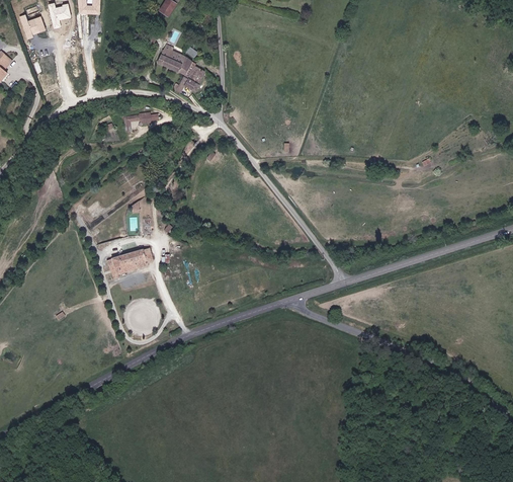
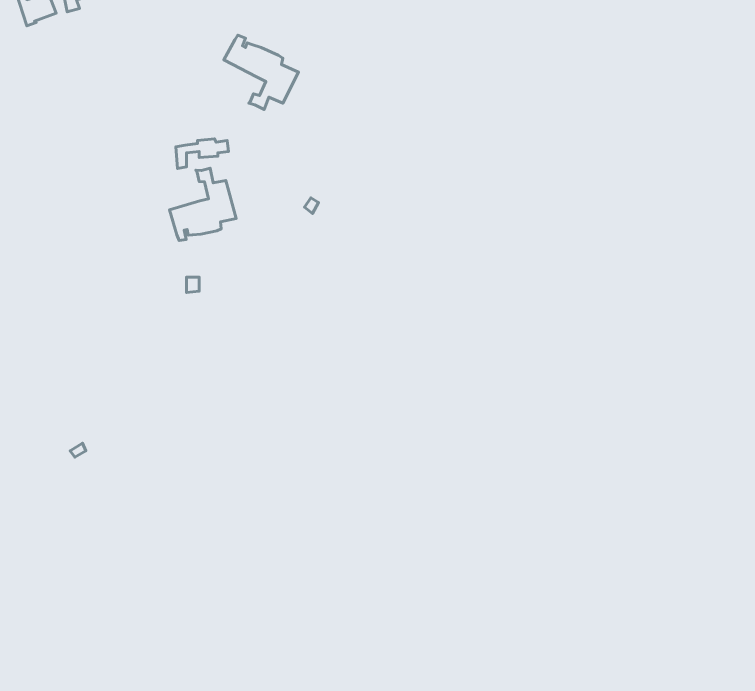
building: none -> [169,168,236,241]
building: [109,247,151,282] -> none

